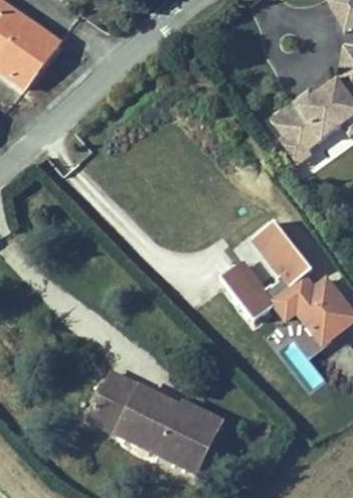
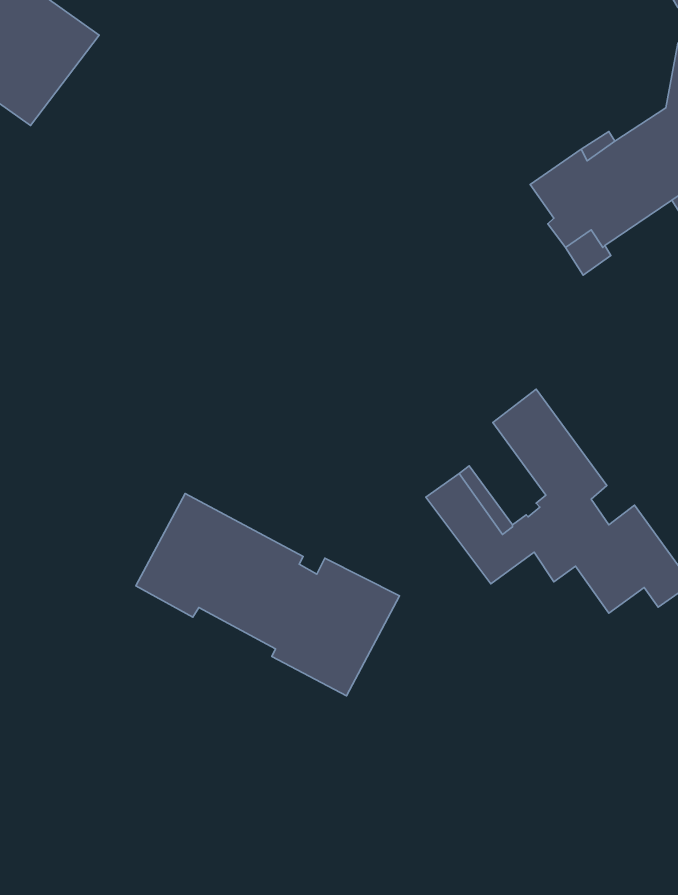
building: [83,365,218,469] -> [136,493,400,696]

